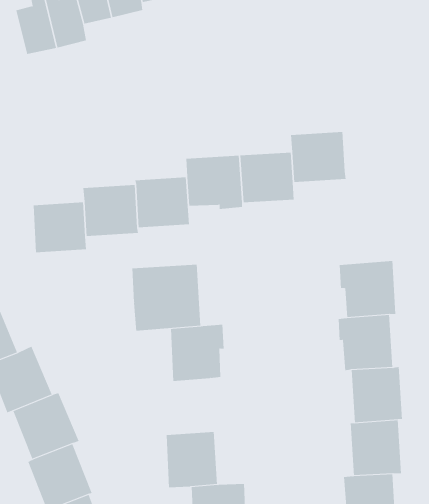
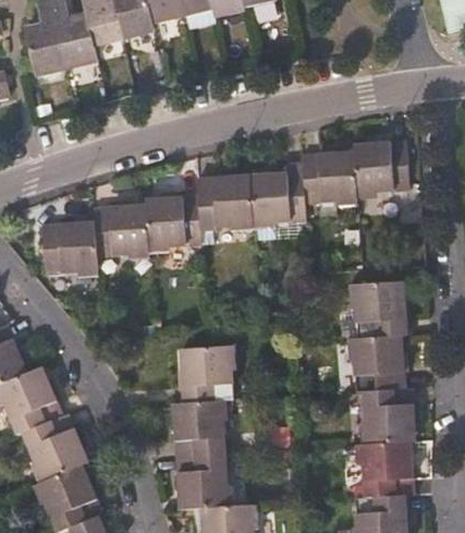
building: none -> [354,142,409,192]
building: [132,264,201,331] -> none
building: none -> [173,400,225,457]

